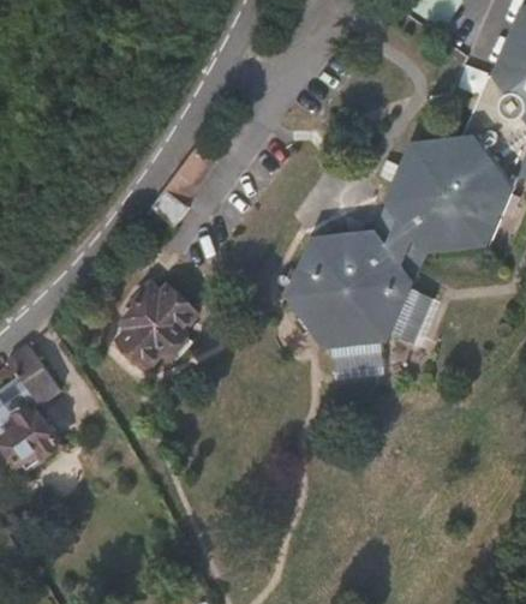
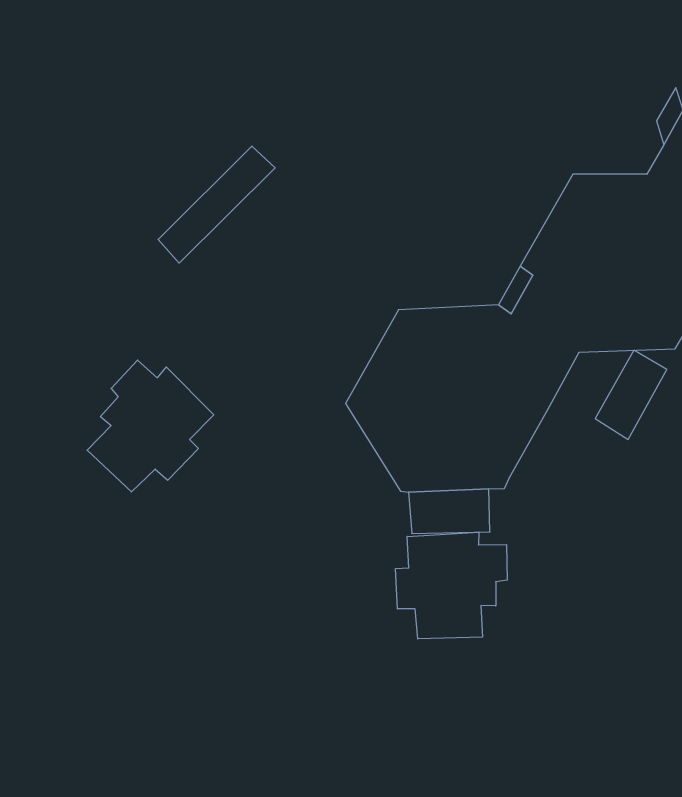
building: [389,289,430,345] -> [595,350,667,439]
building: none -> [396,532,507,639]

